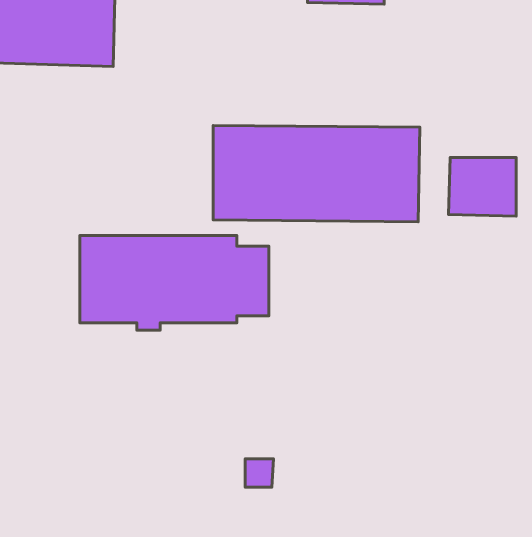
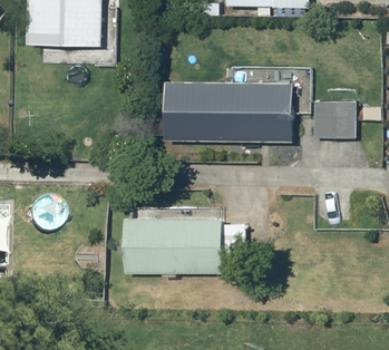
building: [80,236,269,330] -> [125,217,243,276]

